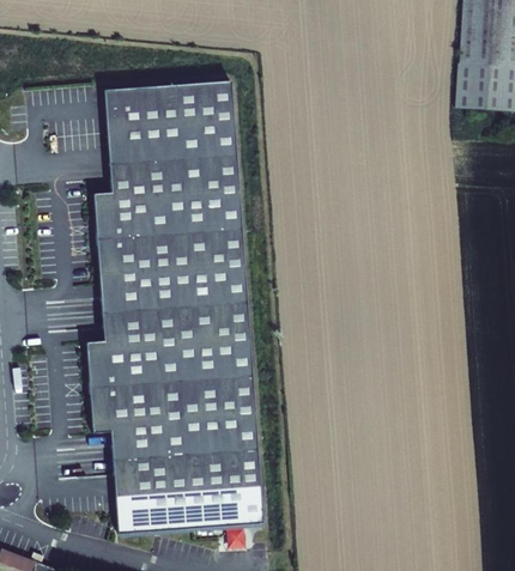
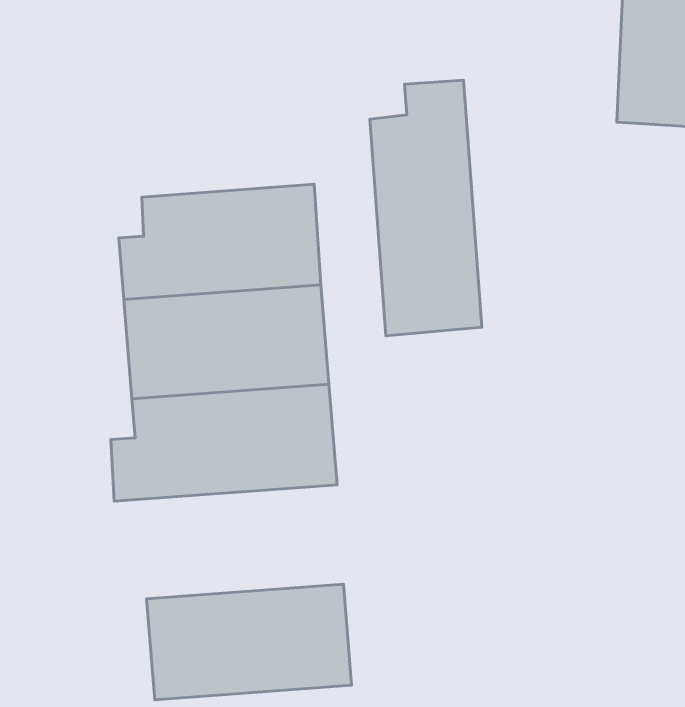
building: none -> [370,80,482,336]
building: [104,79,237,163] -> none
building: [90,375,259,458] -> none

